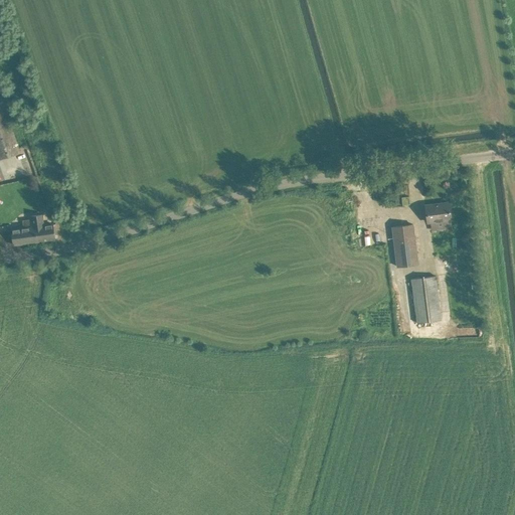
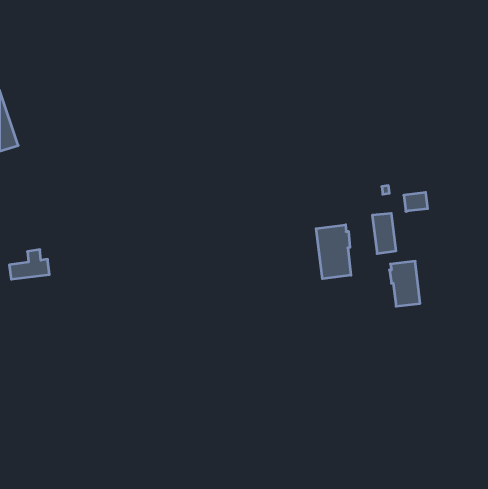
building: [11,213,53,244] -> [9,250,49,279]
building: none -> [316,225,351,279]

